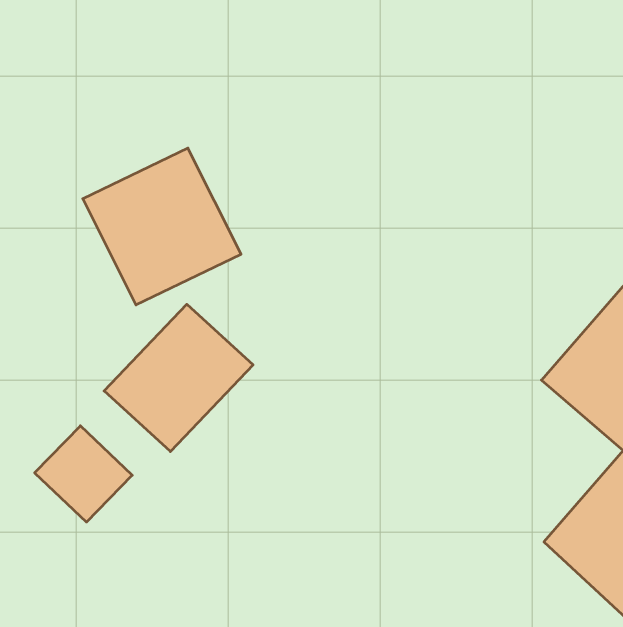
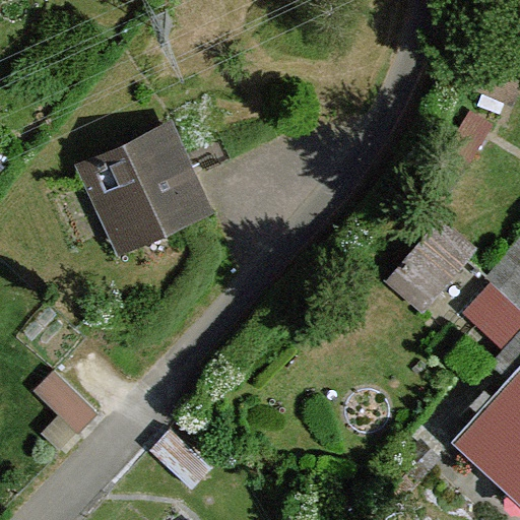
building: none -> [399,207,483,304]
building: [104,304,253,452] -> none

